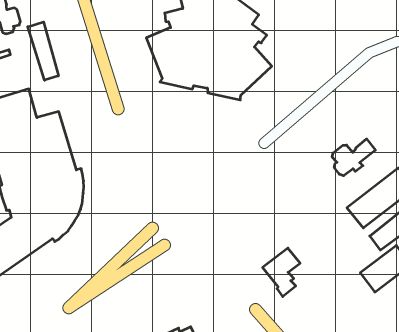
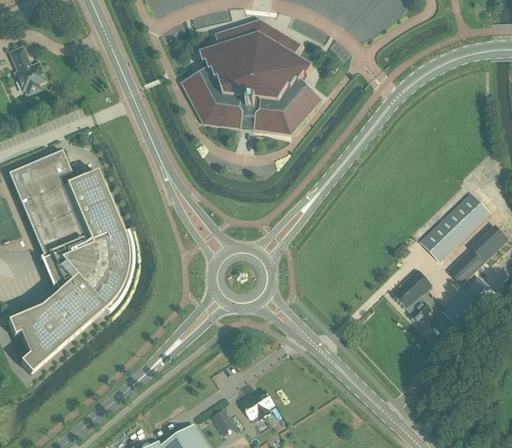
building: [28,22,58,80] -> none
building: [332,139,375,176] -> none
building: [263,248,300,297] -> [393,269,433,322]

